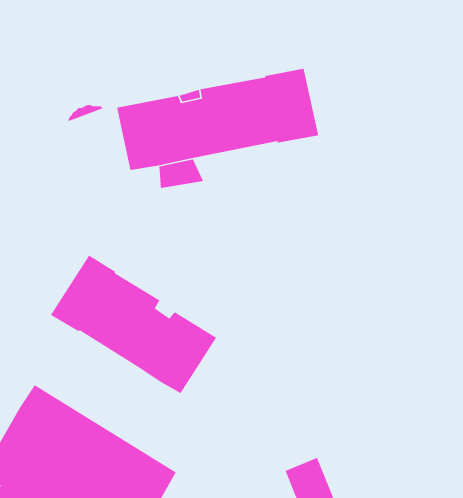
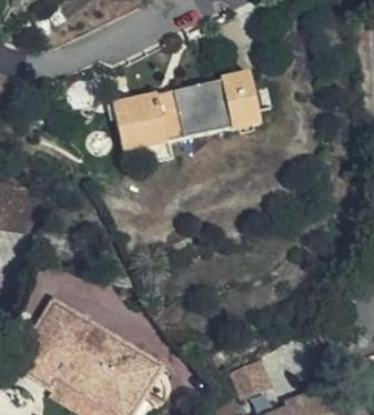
building: [50,255,217,394] -> none

